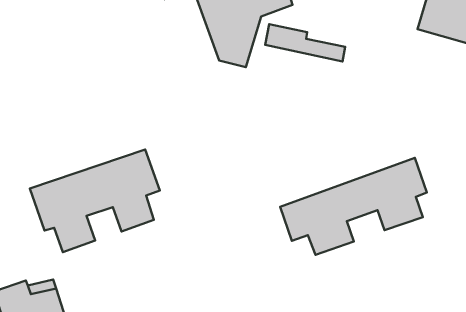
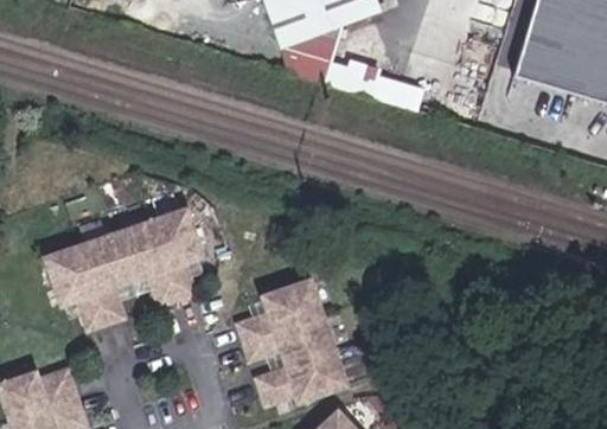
building: [280,158,427,255] -> none
building: none -> [243,275,353,396]

